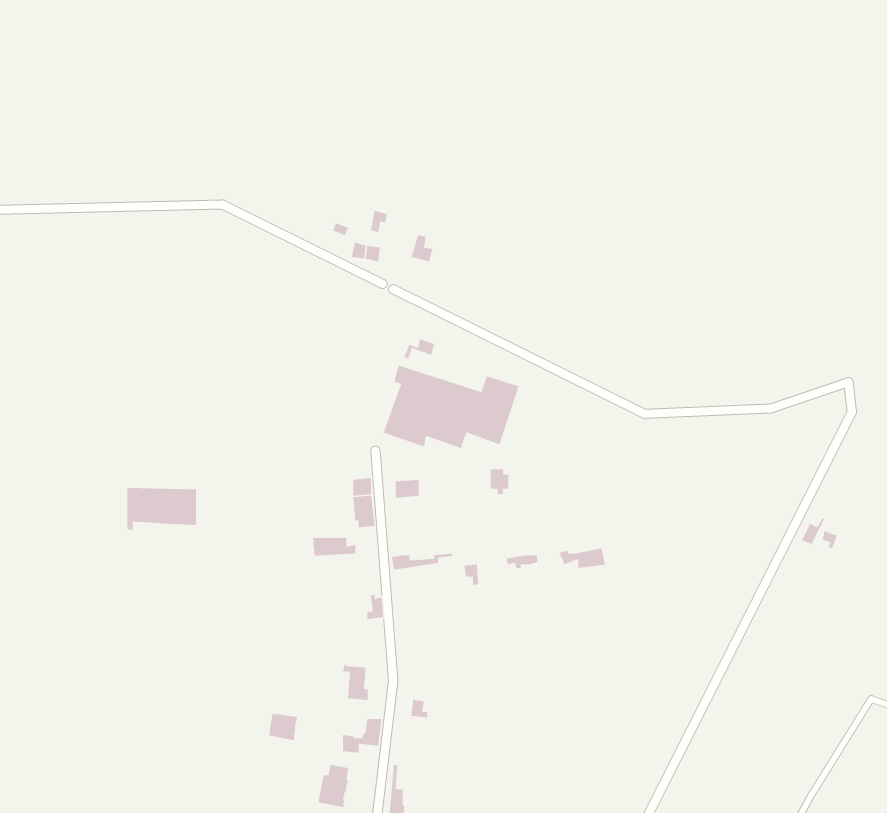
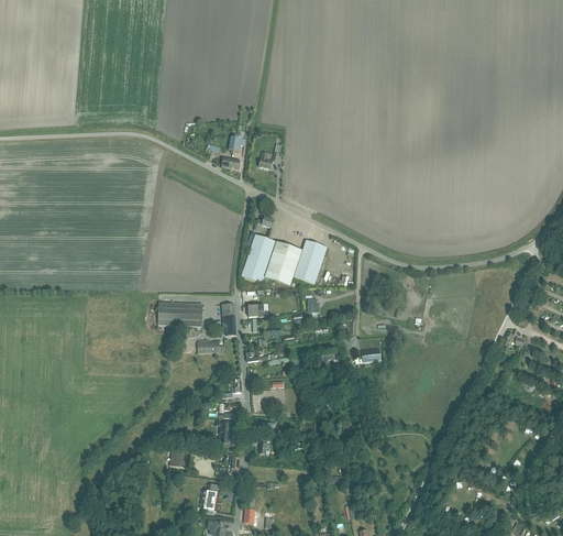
building: [126,487,197,531] -> [157,302,201,329]

